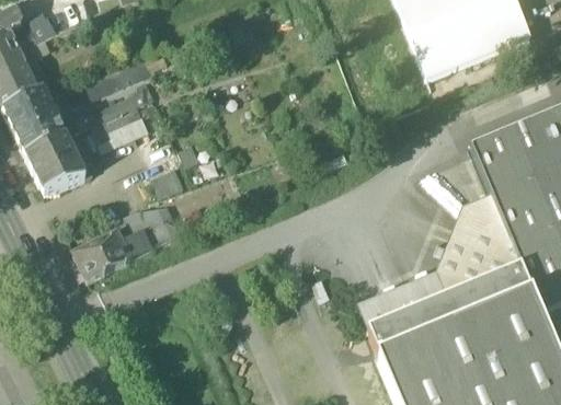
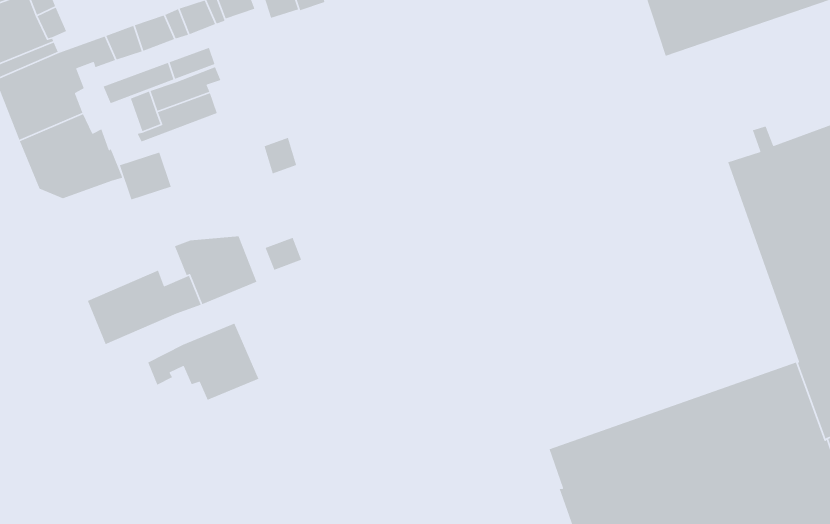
building: [151,167,185,199] -> [119,151,172,201]
building: [358,196,522,329] -> none
building: none -> [147,323,259,401]

